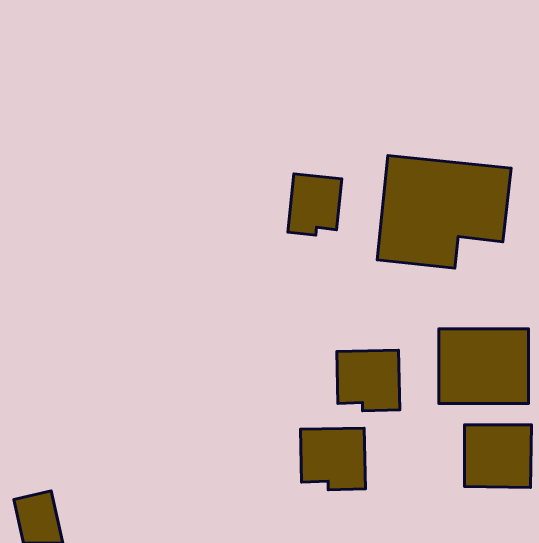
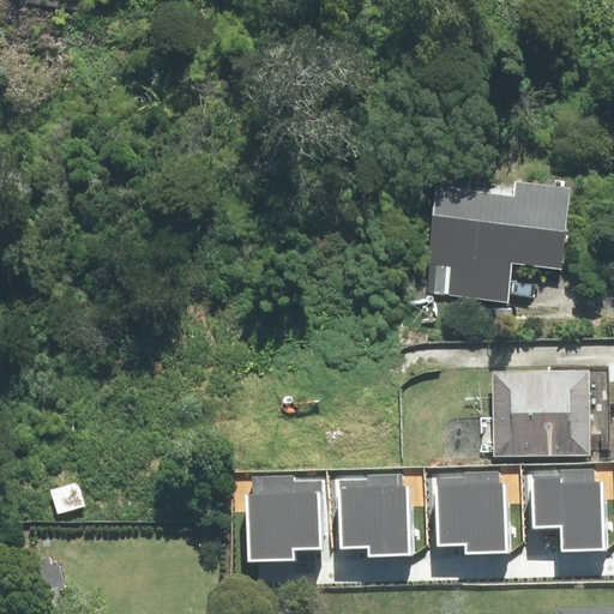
building: [288,174,342,235] -> none
building: [337,350,400,411] -> [435,480,506,548]
building: none -> [247,487,320,556]

